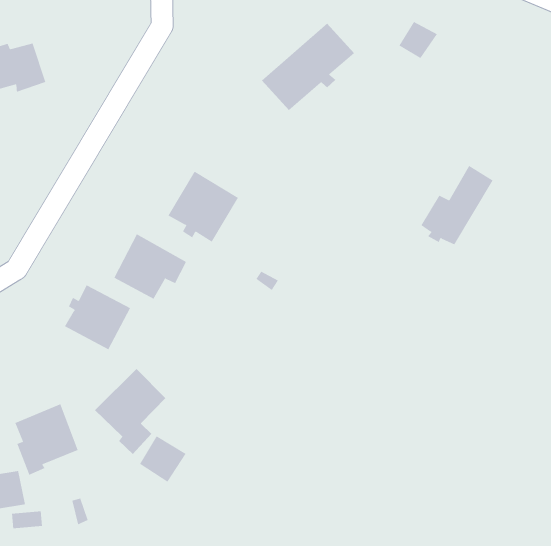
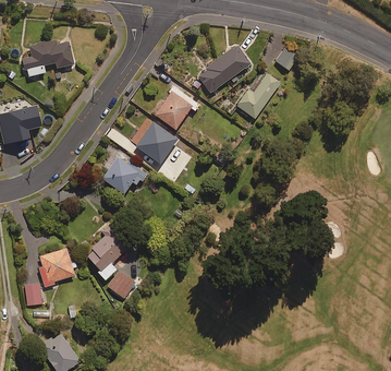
building: none -> [155,85,199,130]
building: [420,165,493,245] -> [236,73,280,118]
building: [64,284,131,350] -> none

